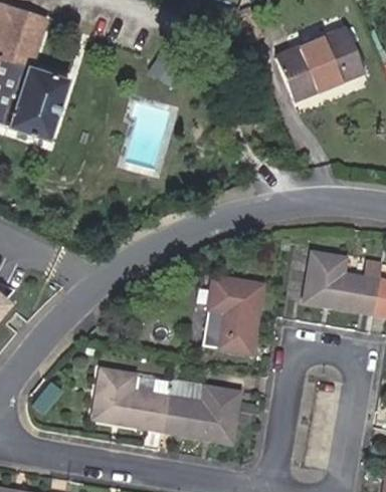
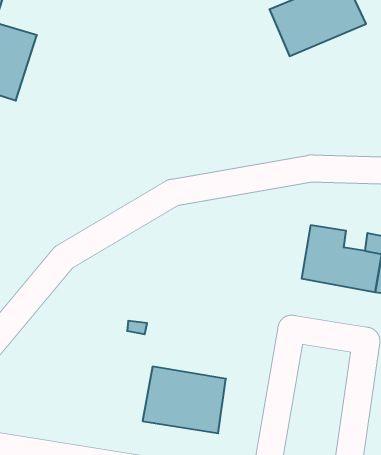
building: [204,277,263,352] -> none
building: [96,370,172,429] -> none

